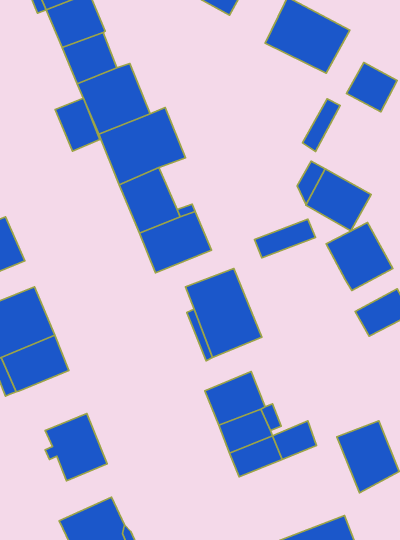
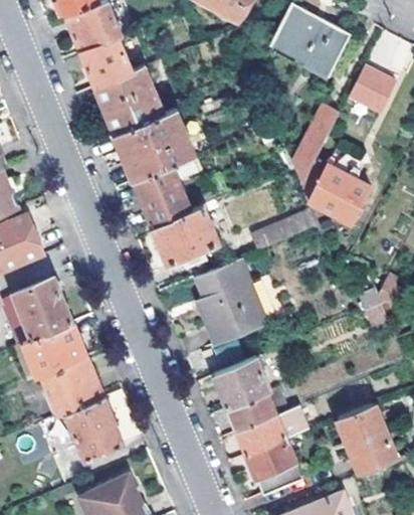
building: [55,98,100,151] -> none
building: [326,222,393,290] -> none
building: none -> [40,355,103,414]
building: none -> [246,439,302,494]

